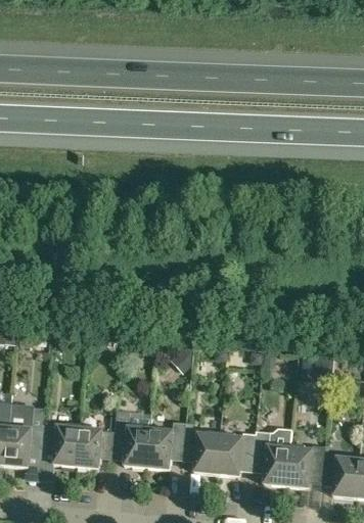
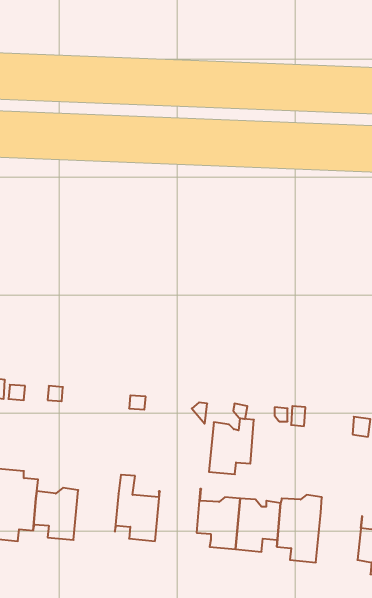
building: [146,422,185,470] -> [209,419,254,474]
building: [76,424,115,469] -> none
building: [285,443,325,488] -> none

